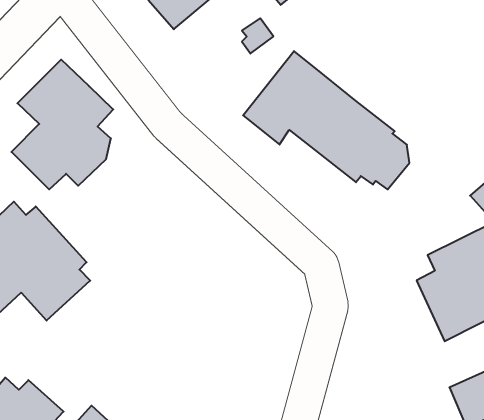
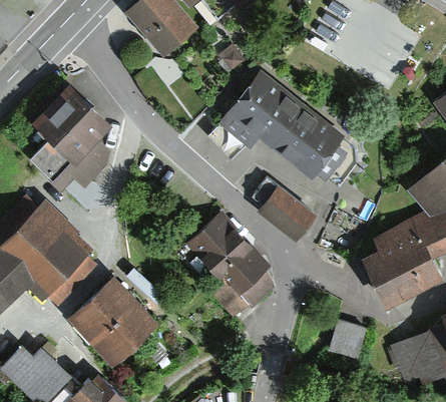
building: none -> [252,179,317,246]
building: none -> [188,217,277,320]
building: none -> [69,273,158,362]
building: none -> [328,323,368,362]

